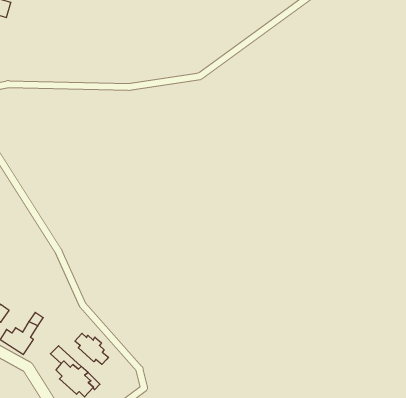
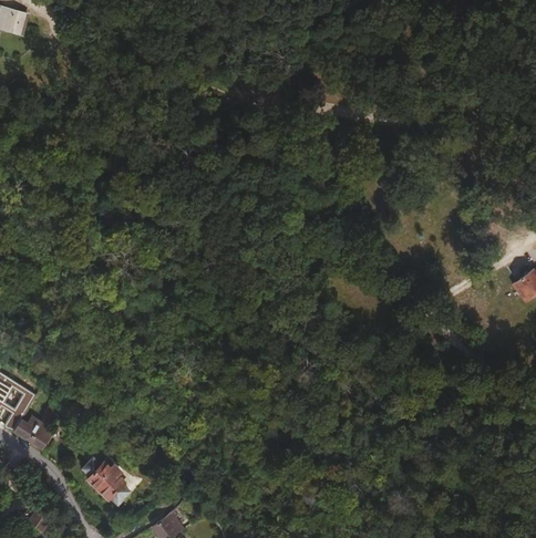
building: [75,333,108,364] -> none

